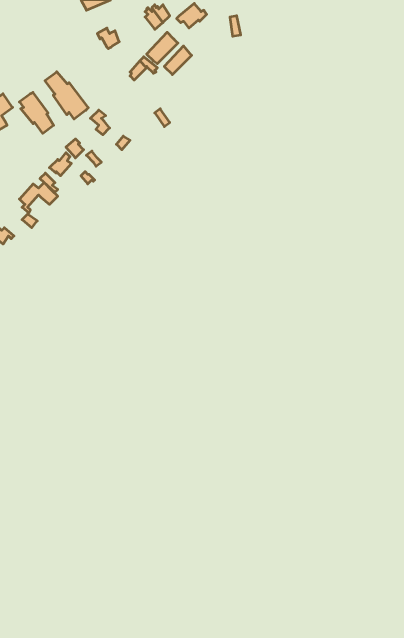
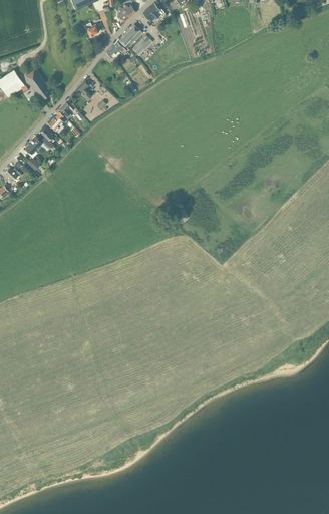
building: [45,72,88,119] -> none

